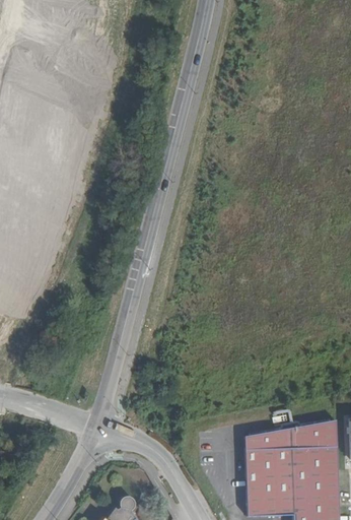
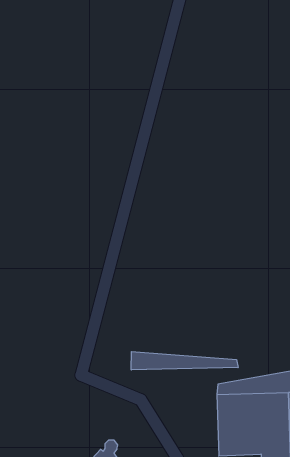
building: none -> [131,352,238,370]

